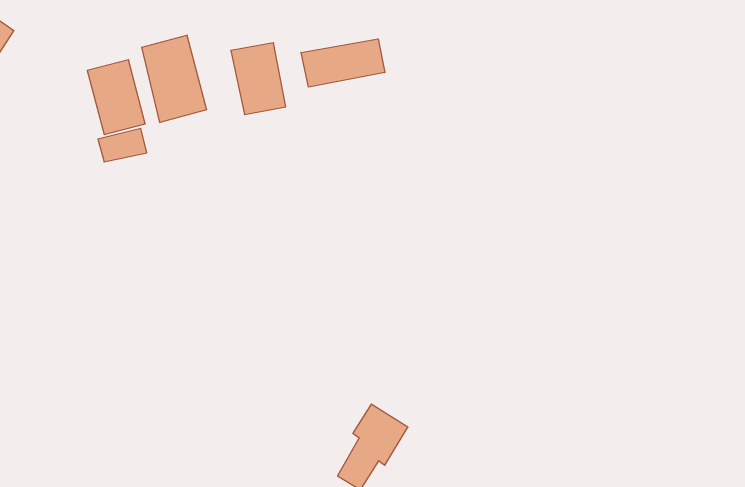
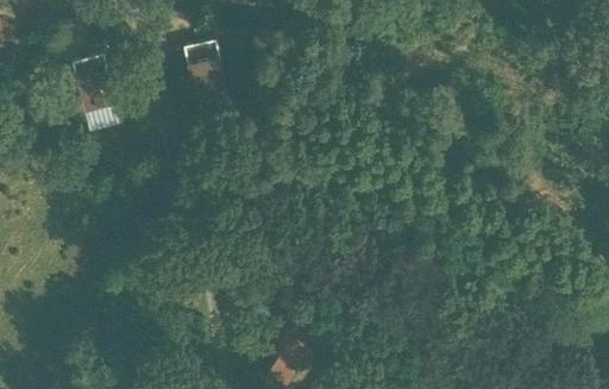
building: [142,35,207,123] -> none
building: [301,39,385,87] -> none

